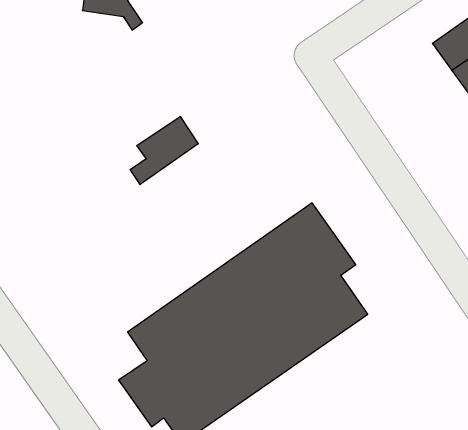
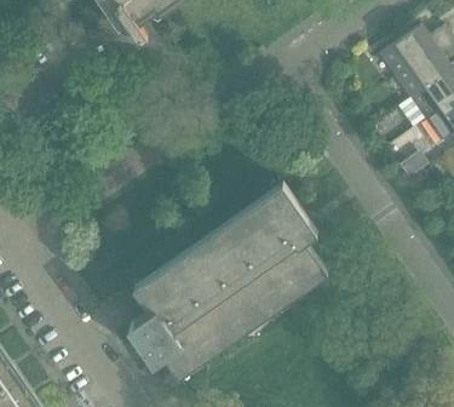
building: [130,116,198,185] -> none

